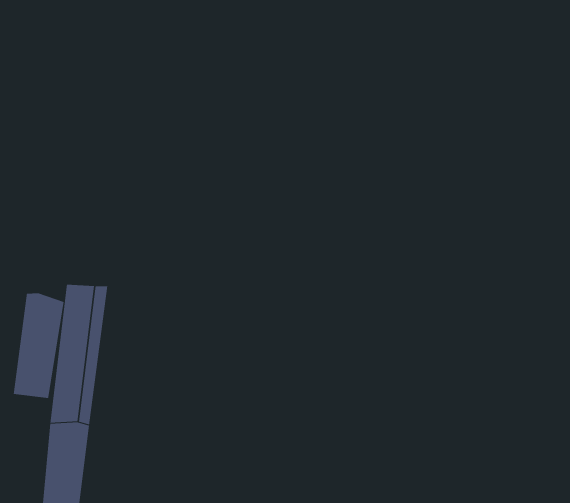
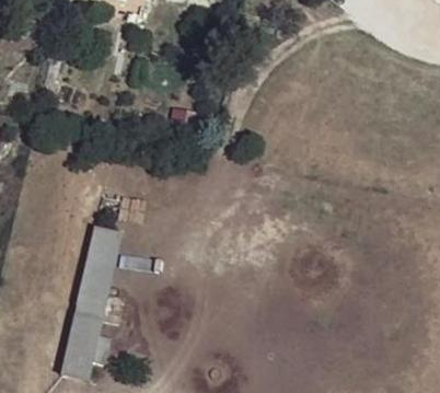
building: [13,293,64,399] -> none

